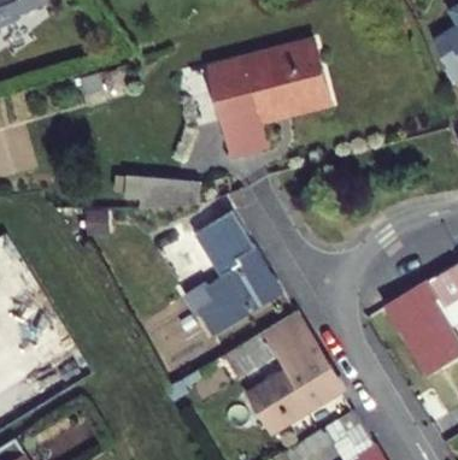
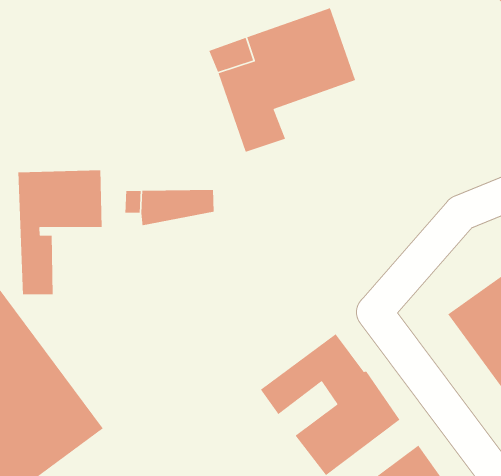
building: none -> [17,169,102,295]
building: [192,214,281,332] -> none

